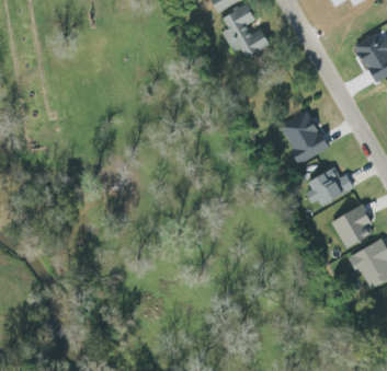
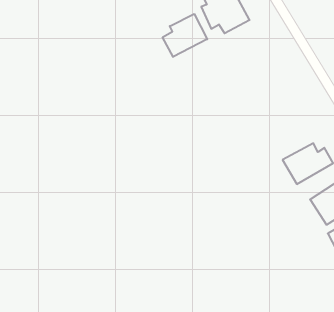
building: none -> [163,14,207,57]
building: [278,111,329,163] -> none

